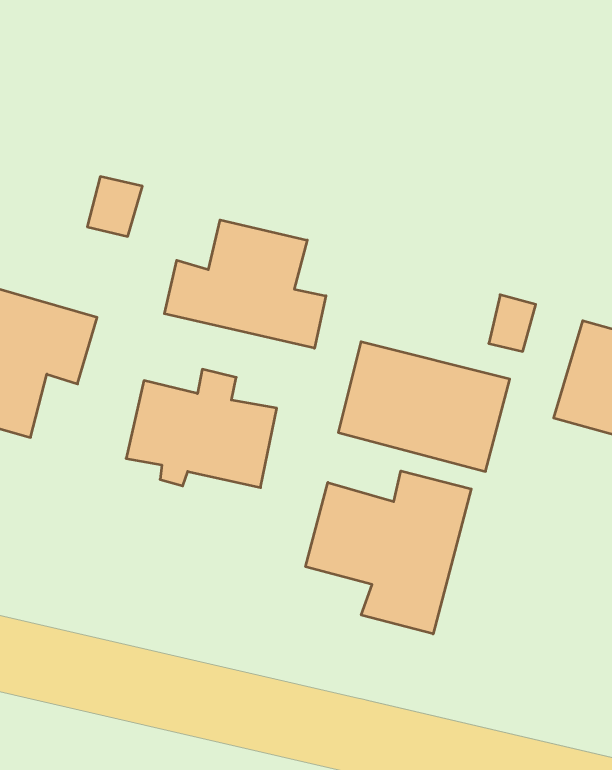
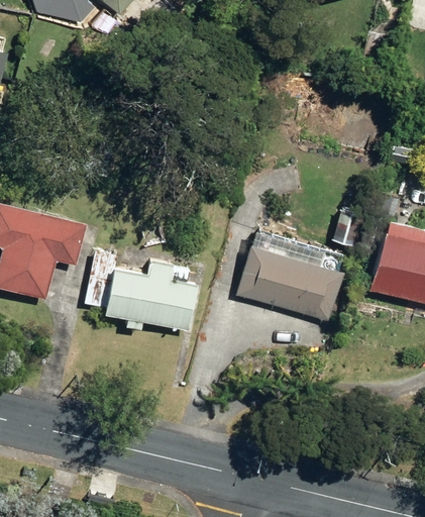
building: [164,220,326,348] -> none
building: [306,471,471,634] -> none

